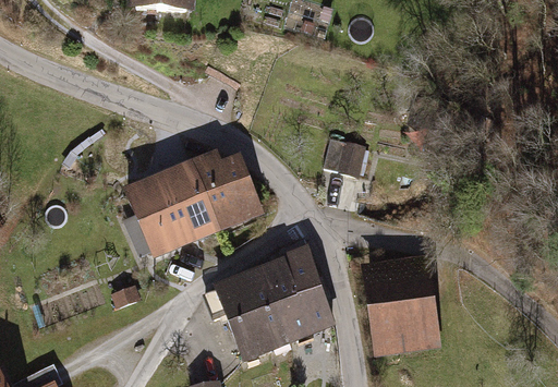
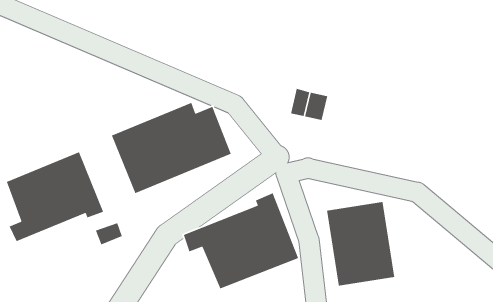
building: none -> [6,151,104,242]

